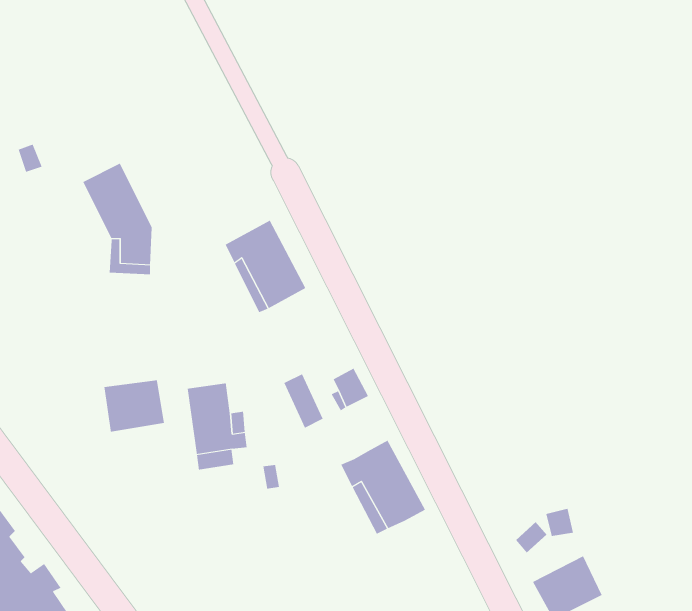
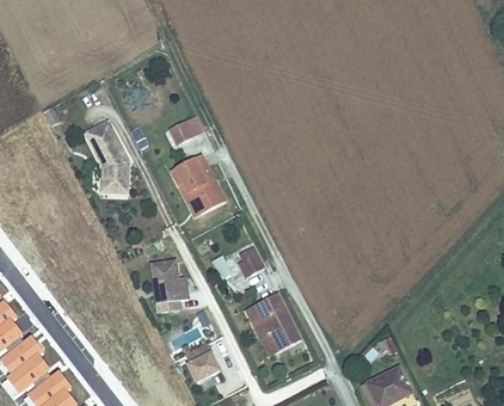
building: none -> [168,115,202,144]
building: [104,380,165,433] -> none
building: none -> [184,344,219,387]

